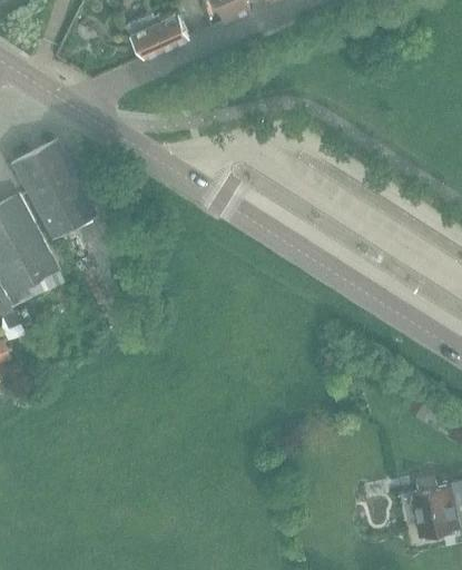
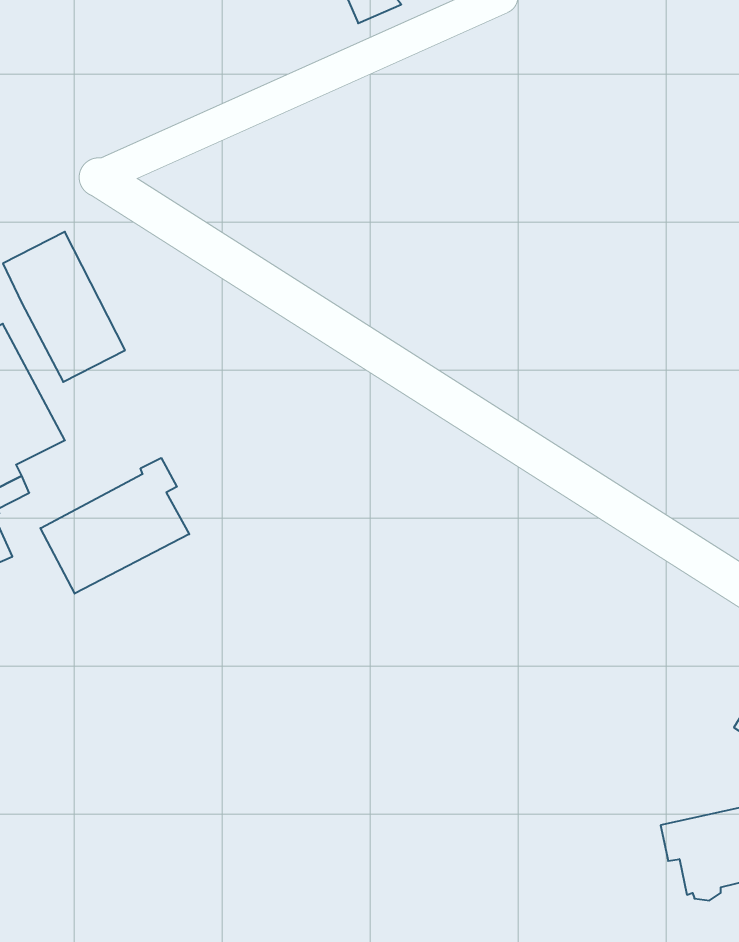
building: [128,12,191,57] -> none
building: none -> [40,458,189,594]

